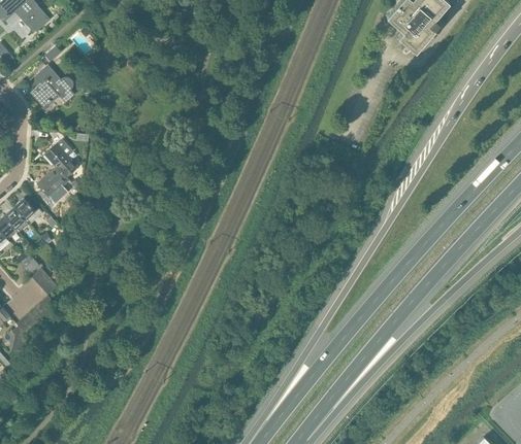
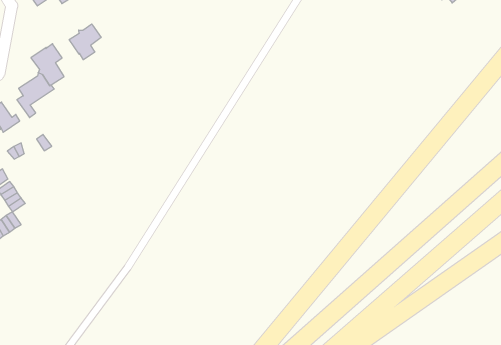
building: none -> [69,24,101,60]

